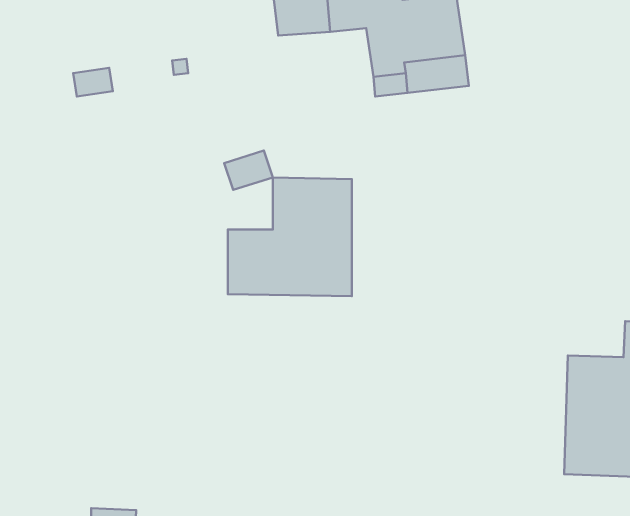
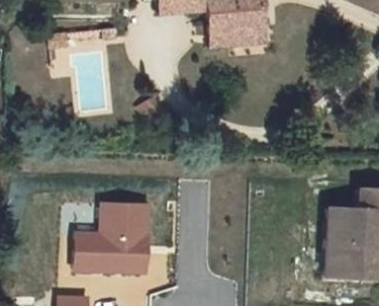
building: [228,177,352,296] -> [76,201,146,267]

